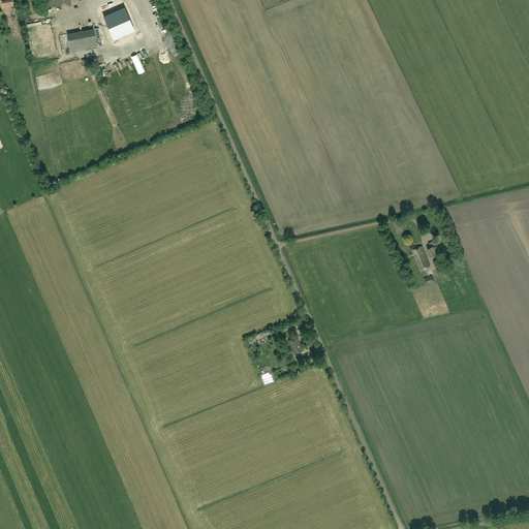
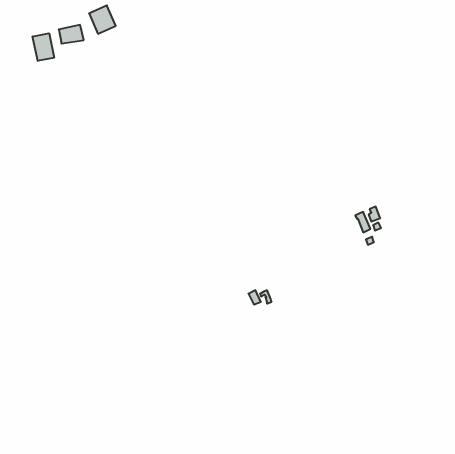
building: none -> [33,33,54,61]

